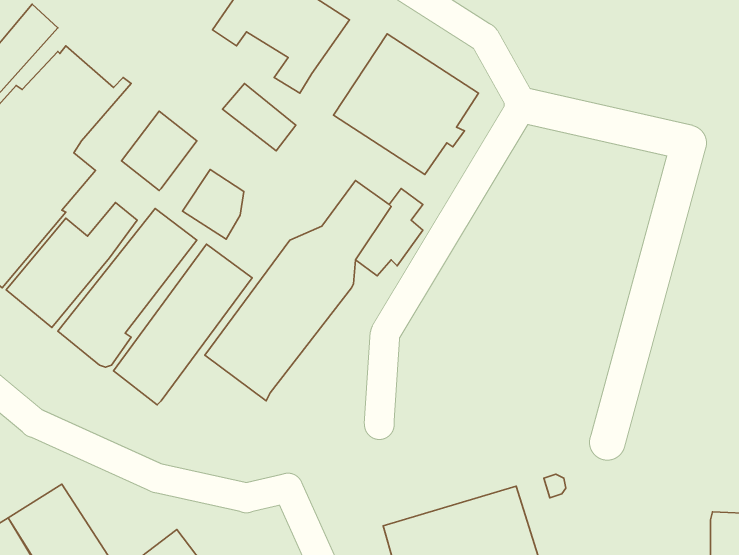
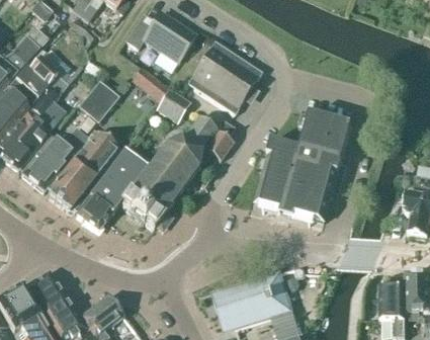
building: [182,170,244,239] -> [155,86,186,121]
building: none -> [257,112,351,220]

